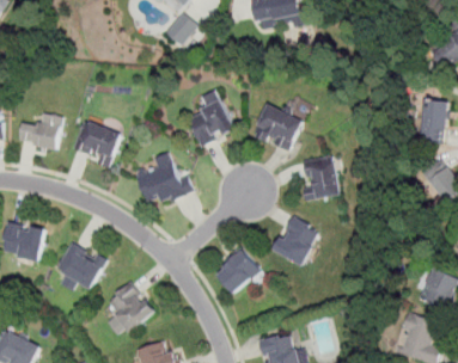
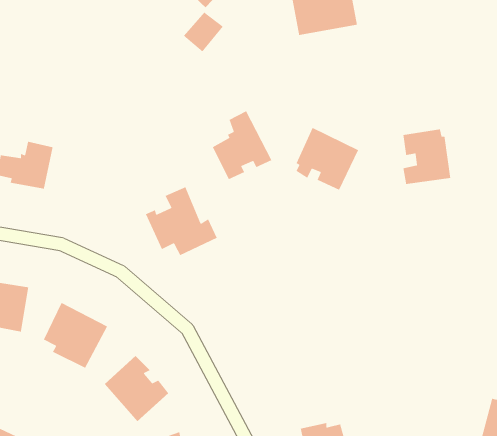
building: [72,117,122,168] -> none
building: [301,155,340,199] -> [403,128,451,185]
building: [273,215,316,265] -> none
building: [215,245,262,295] -> none

